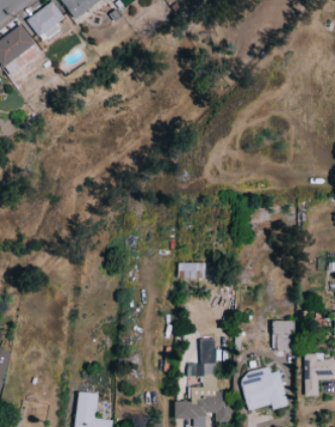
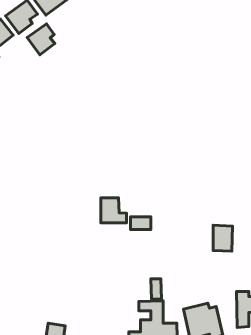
building: none -> [27,24,55,55]
building: none -> [101,198,127,223]
building: [274,319,298,350] -> [213,225,233,251]

